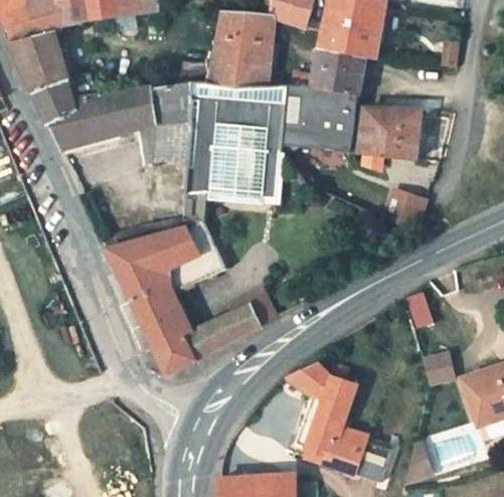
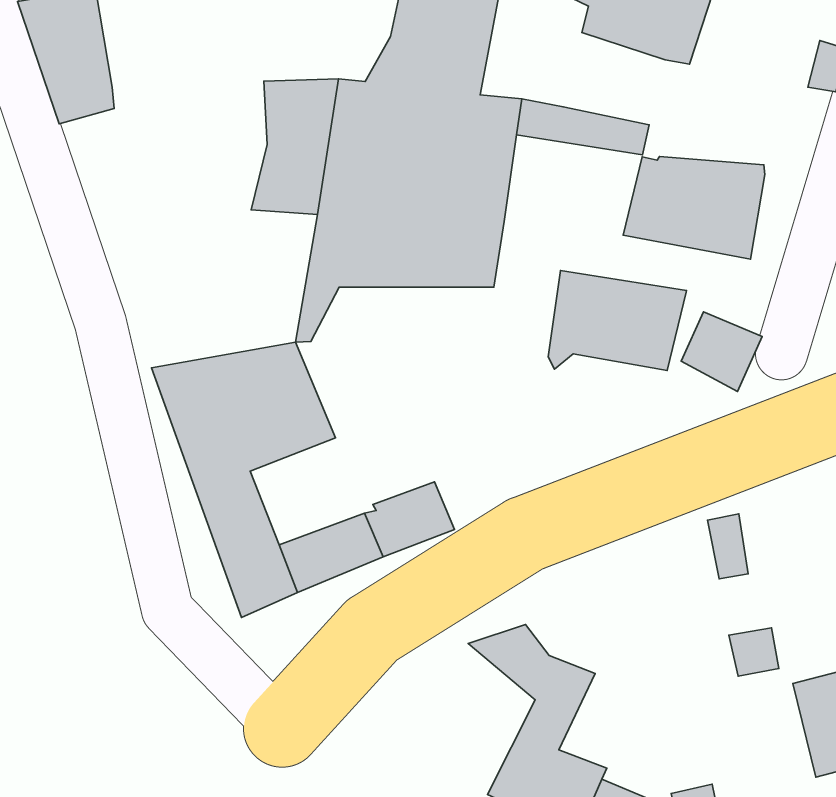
building: [310,47,361,93] -> none
building: [45,90,156,145] -> none
building: [285,105,354,157] -> [548,270,686,371]

